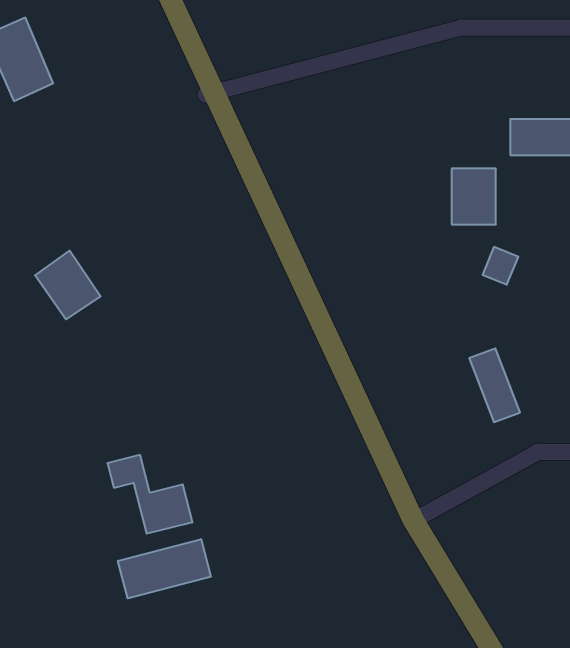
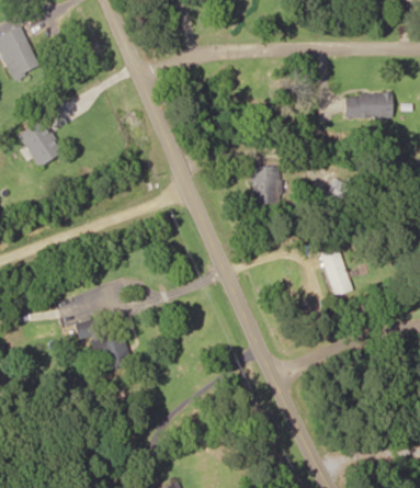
building: [452,169,496,224] -> [251,166,281,203]
building: [35,251,101,319] -> [19,120,63,166]
building: [118,539,211,598] -> none

